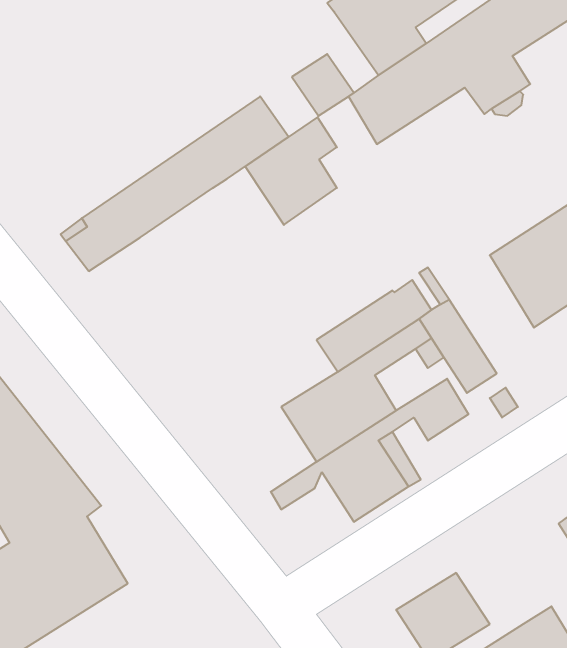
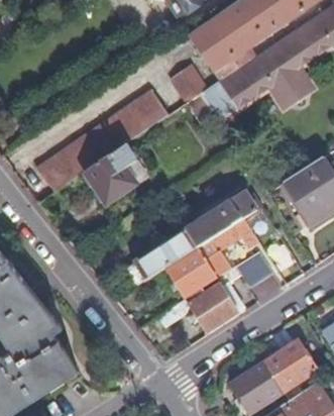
building: [245,117,337,225] -> [83,143,135,205]
building: none -> [126,230,196,286]
building: none -> [263,343,315,402]

